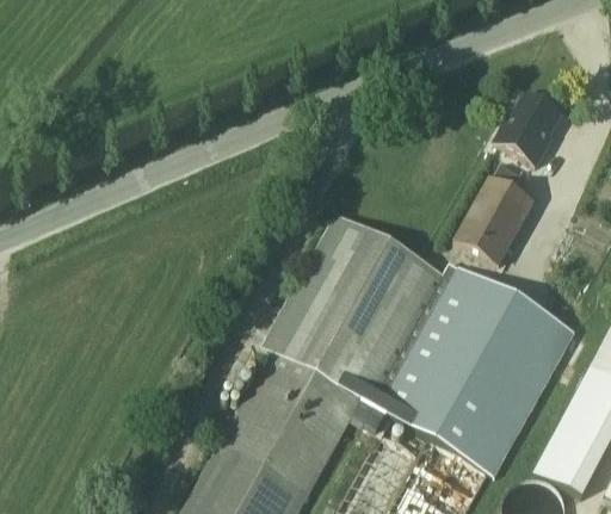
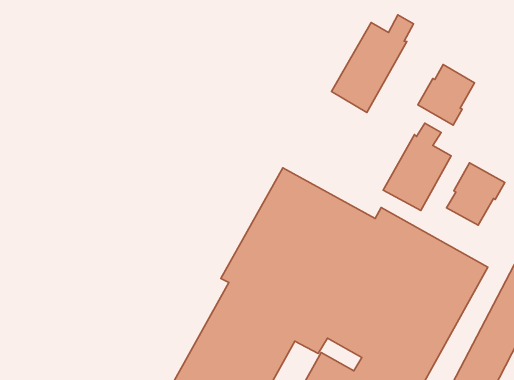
building: none -> [332,15,413,112]
building: none -> [447,163,505,225]

